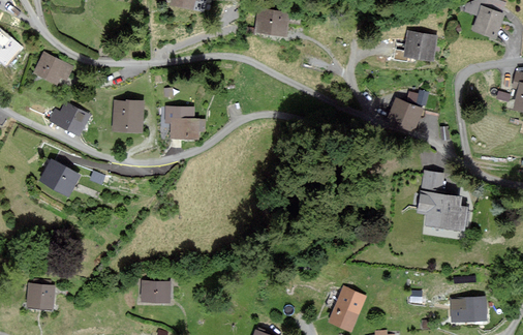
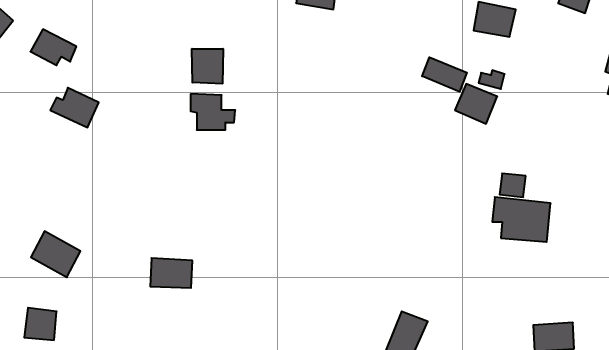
building: none -> [192,49,223,84]
building: none -> [422,57,467,92]
building: [113,101,143,132] -> none
building: [39,158,81,196] -> [31,231,80,277]
building: [139,280,174,305] -> [150,258,192,288]

